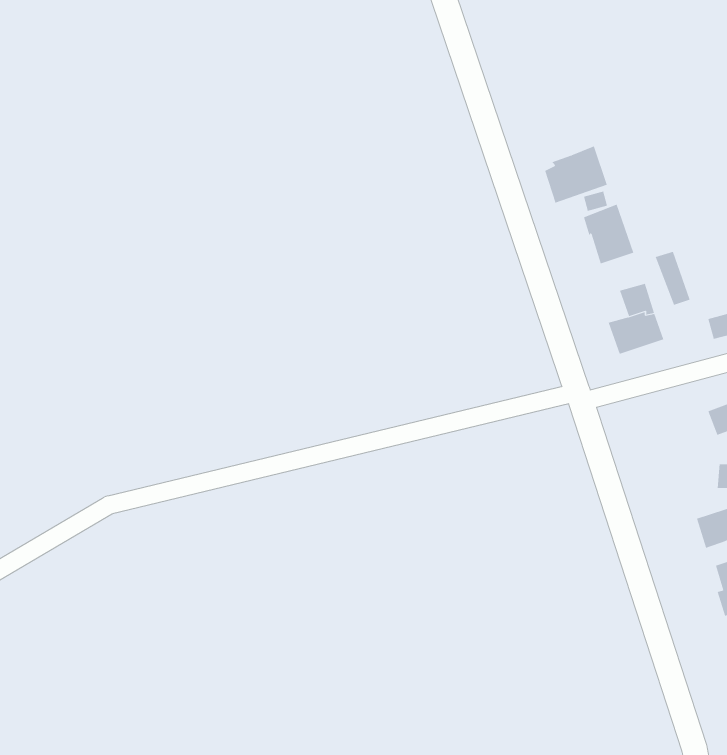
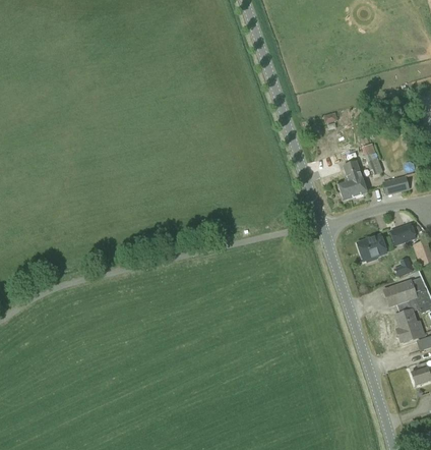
building: [544,145,607,203] -> none
building: none -> [358,234,386,261]

